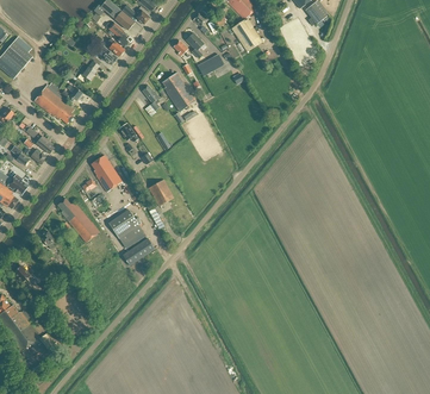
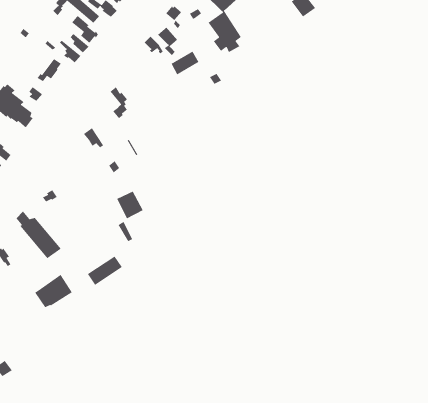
building: [162,73,197,112] -> none
building: [92,155,123,192] -> none
building: [105,208,139,239] -> [34,274,73,308]

